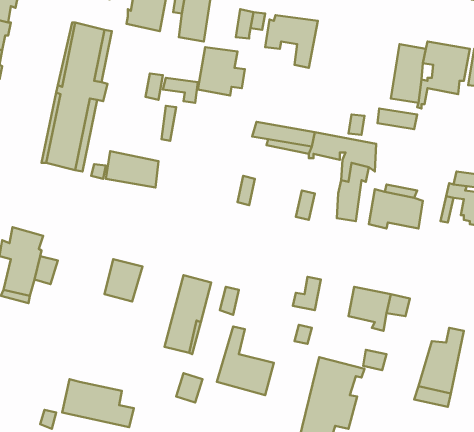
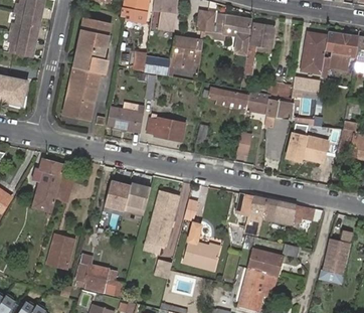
building: none -> [245,23,275,77]
building: none -> [148,117,186,142]
building: none -> [125,183,151,214]
building: none -> [250,195,278,220]
building: none -> [49,237,76,270]

